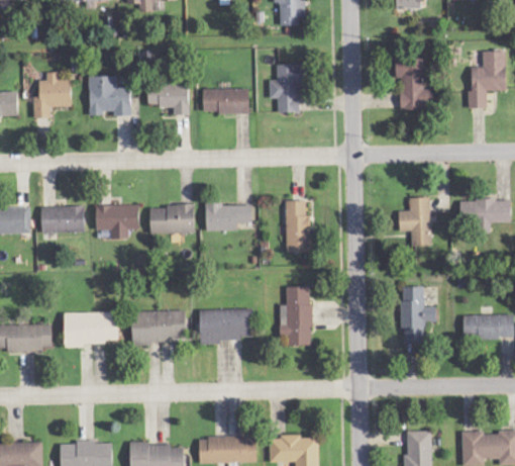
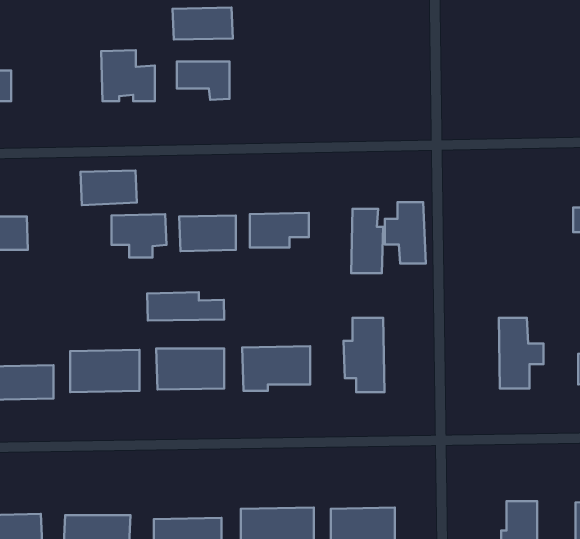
building: [395,58,433,110] -> none
building: [269,65,306,113] -> none
building: [32,73,71,118] -> none
building: [202,89,249,114] -> [173,8,233,40]
building: [399,198,431,247] -> [385,202,426,264]
building: [40,206,85,234] -> [80,171,137,205]
building: none -> [147,292,224,320]

